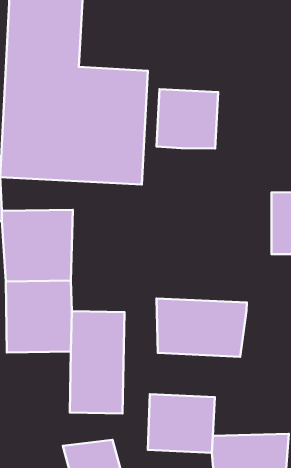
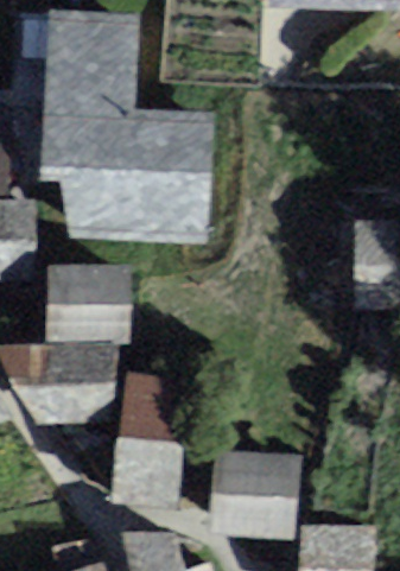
building: [156,89,218,148] -> none
building: [157,298,247,357] -> none

